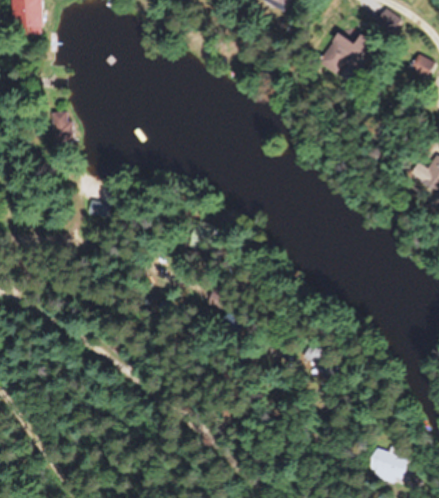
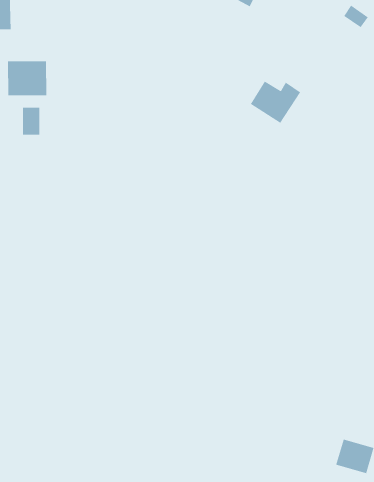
building: [321,33,373,77] -> [250,80,301,124]
building: none -> [7,61,47,96]

